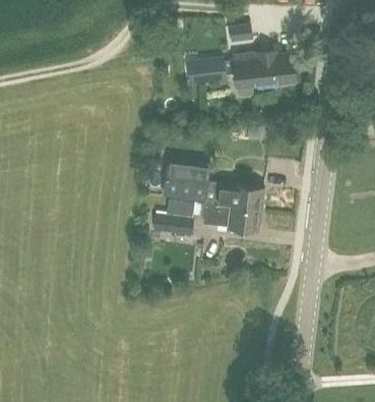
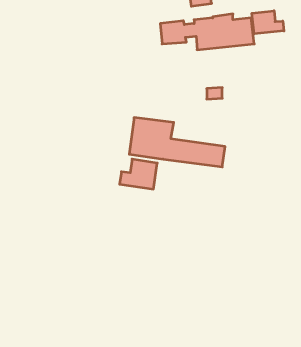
building: none -> [252,11,284,34]
building: [197,204,261,233] -> none

